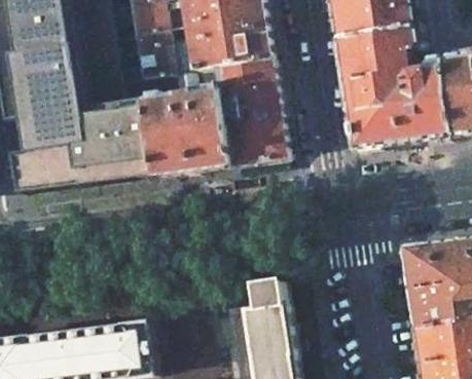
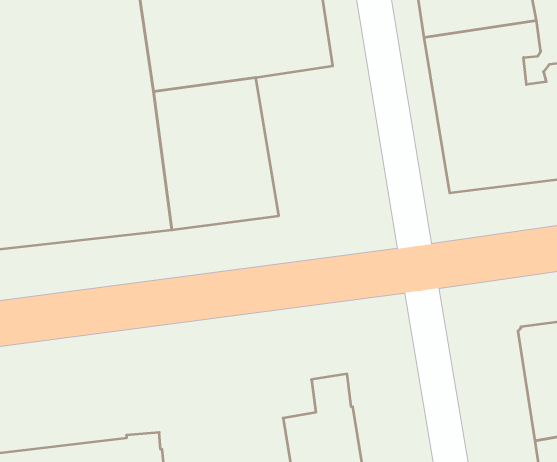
building: [214,56,286,164] -> none

